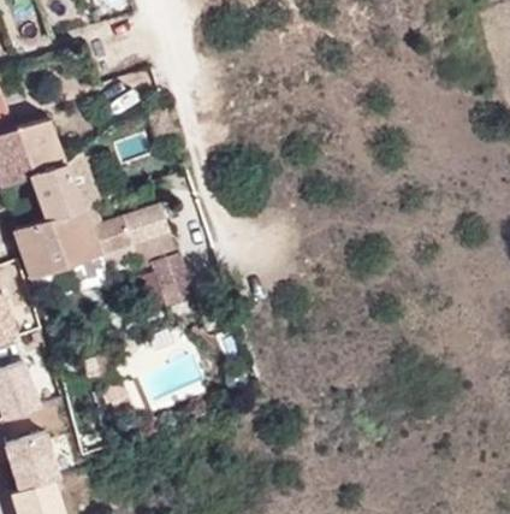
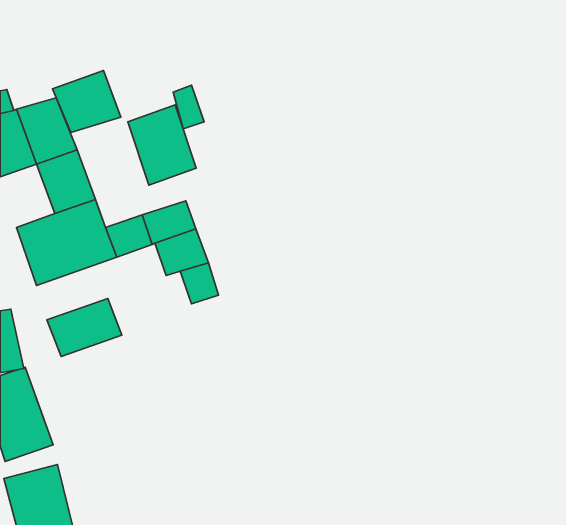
building: none -> [52,71,121,132]
building: none -> [128,105,196,185]
building: none -> [47,298,122,356]

